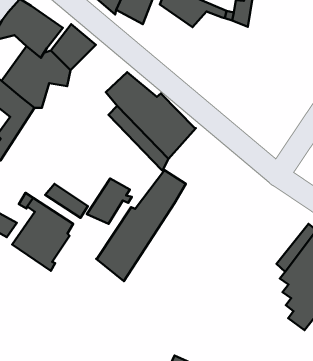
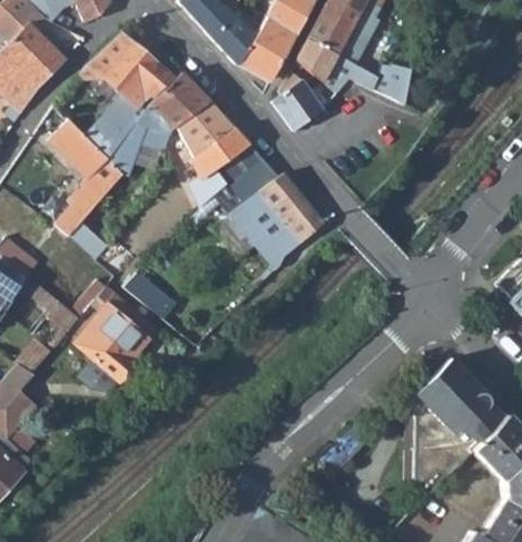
building: none -> [273,72,321,131]
building: none -> [174,102,245,205]
building: [96,170,186,281] -> none
building: [87,179,132,224] -> none

